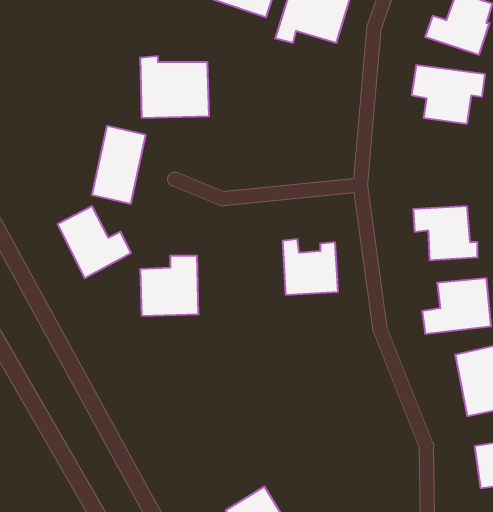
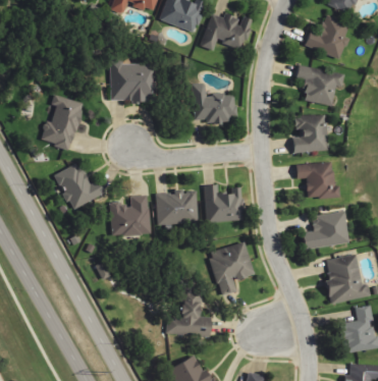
building: none -> [193,83,235,122]
building: [92,126,146,204] -> [44,96,80,149]
building: none -> [291,114,327,153]
building: none -> [155,187,197,223]
building: none -> [207,240,254,294]
building: none -> [165,286,210,335]

